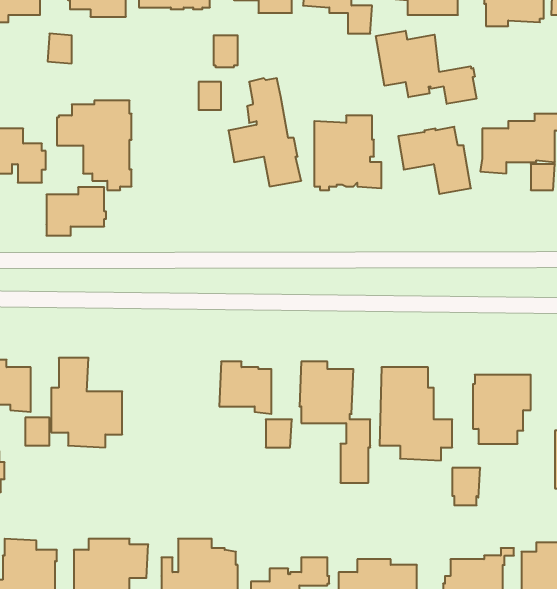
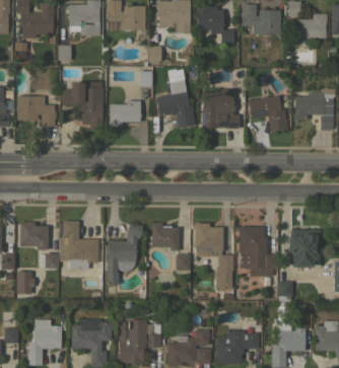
building: [376,31,476,104] -> none
building: [46,187,106,236] -> [110,100,142,127]
building: none -> [107,222,143,285]

